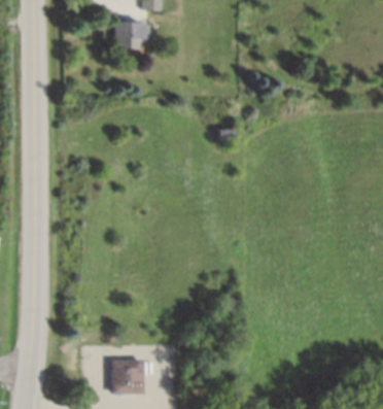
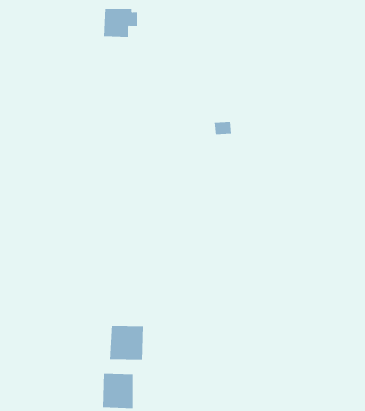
building: none -> [109,325,144,361]

